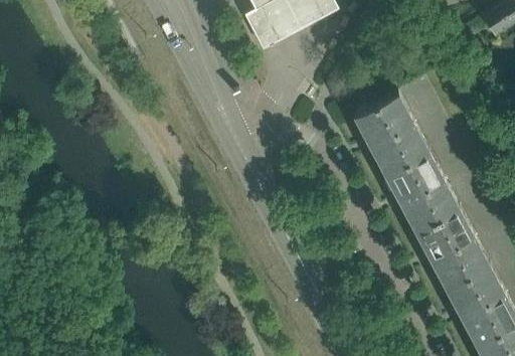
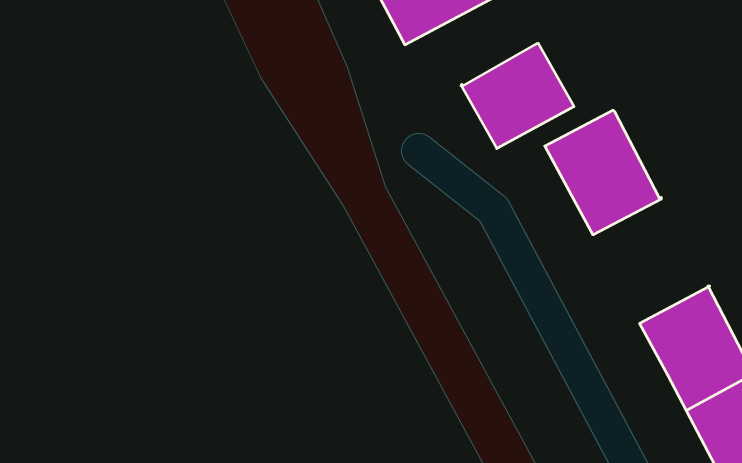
building: none -> [461,43,574,149]
building: [384,150,460,230] -> none

